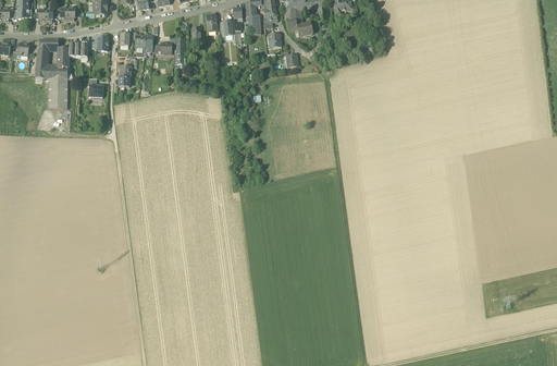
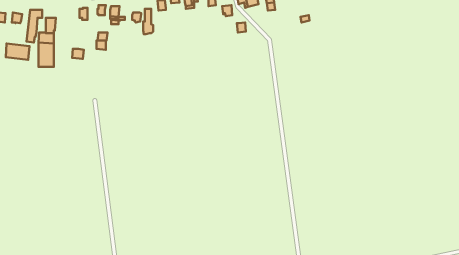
building: none -> [6,44,30,60]

